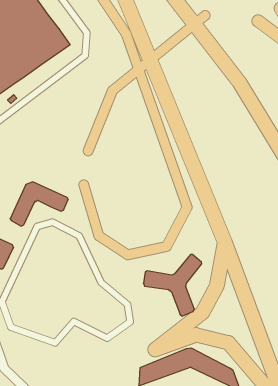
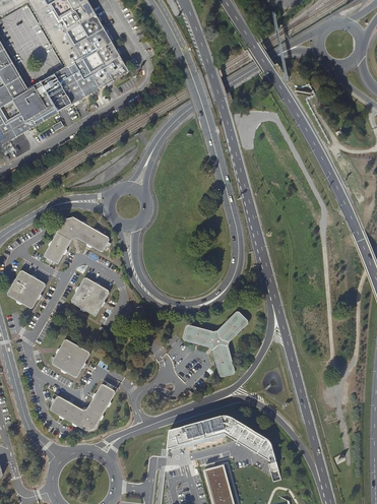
building: none -> [70,277,109,315]
building: none -> [51,338,89,377]
building: none -> [50,384,114,430]

